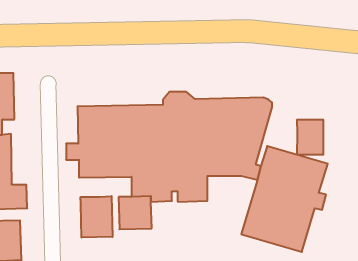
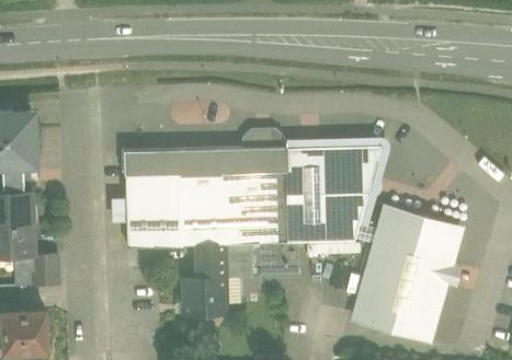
building: [297,120,323,155] -> none
building: [81,196,113,238] -> none

